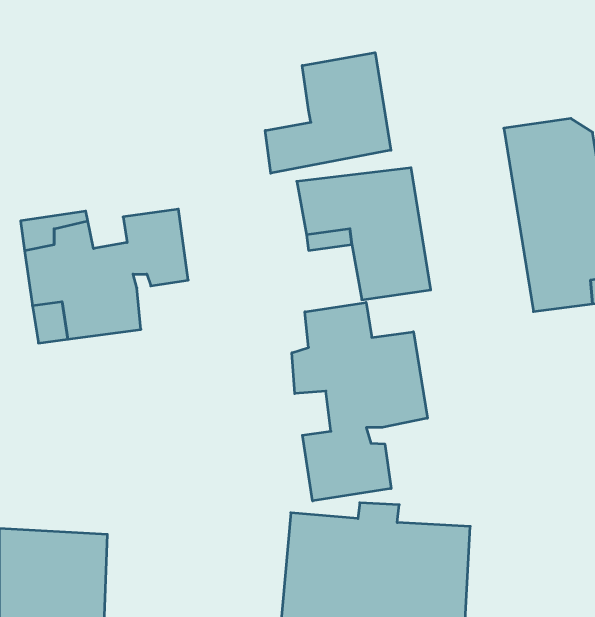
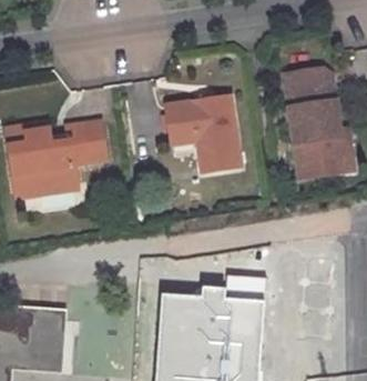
building: [265,53,391,173] -> none
building: [292,302,427,501] -> none

